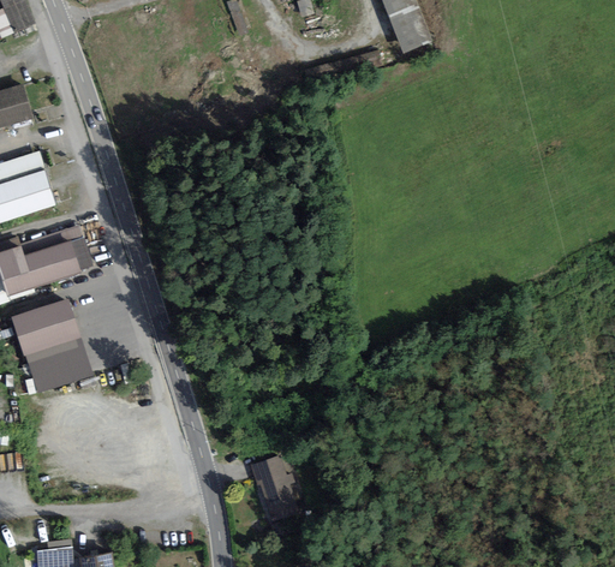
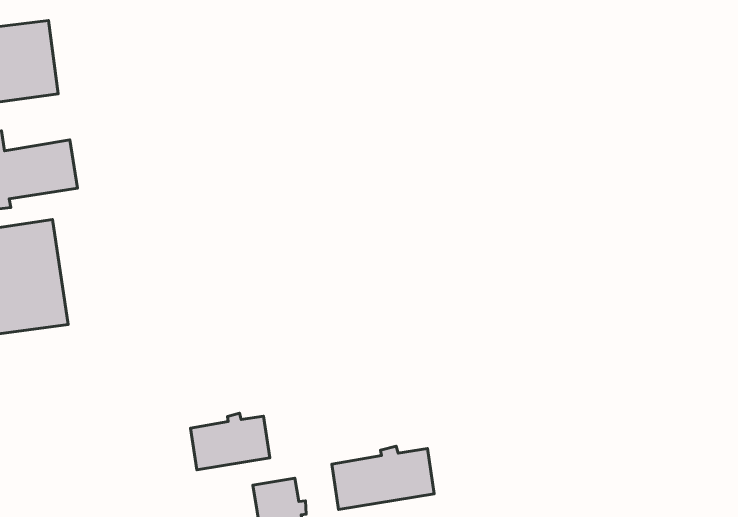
building: none -> [190,413,270,470]
building: none -> [332,446,434,510]

